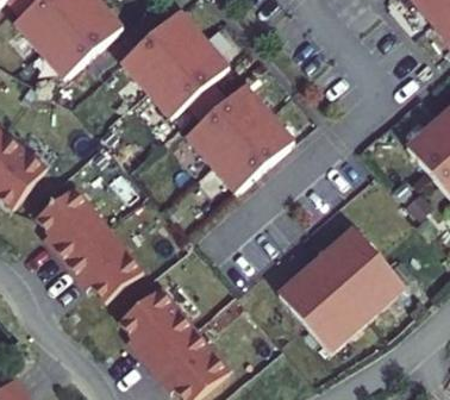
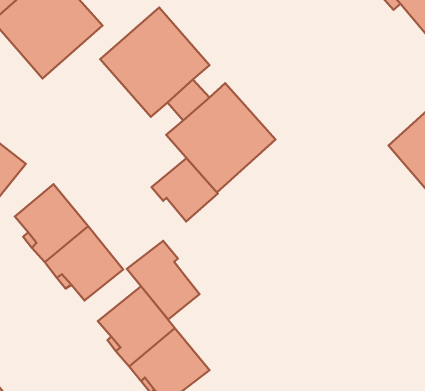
building: none -> [152,158,218,221]
building: [279,227,406,352] -> none
building: none -> [127,241,199,319]

